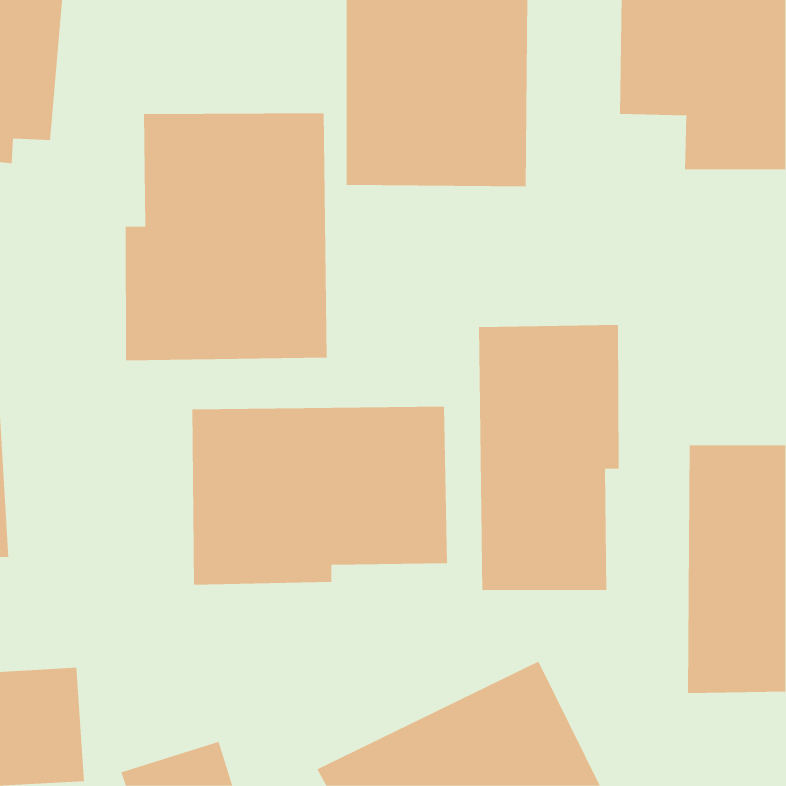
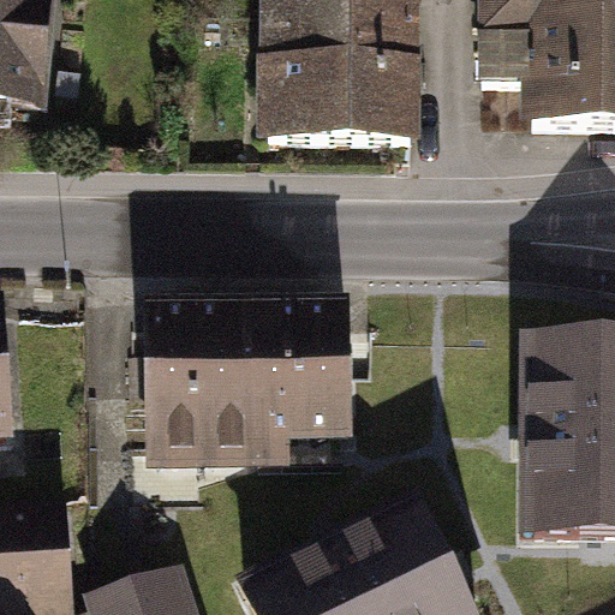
building: [125,113,327,361] -> none
building: [479,324,619,591] -> none

